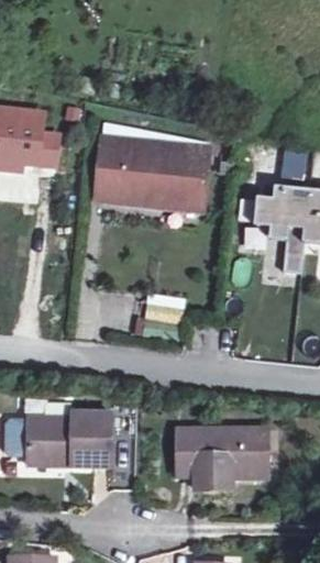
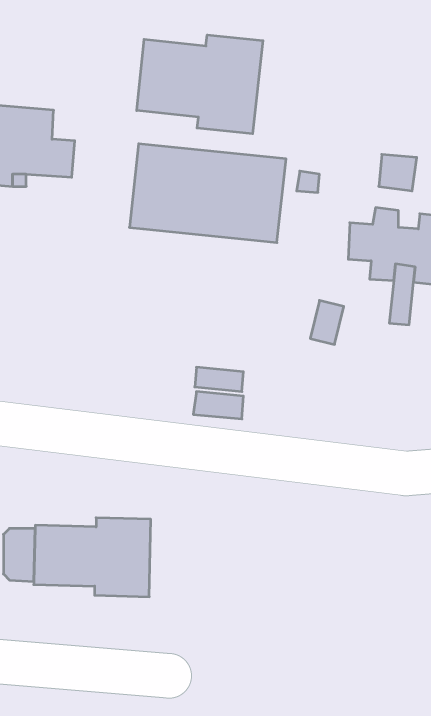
building: none -> [137,35,263,134]
building: [176,426,266,486] -> none

